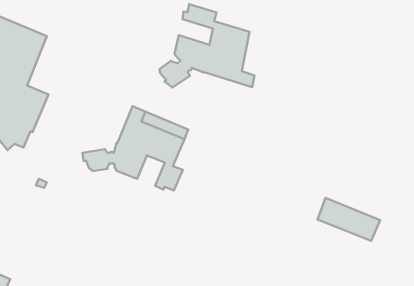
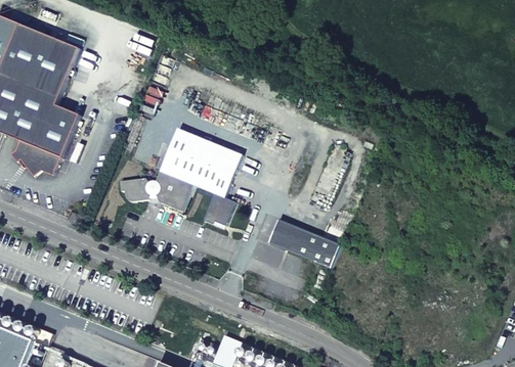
building: [160,4,254,88] -> none
building: [317,198,380,241] -> [266,219,338,268]

